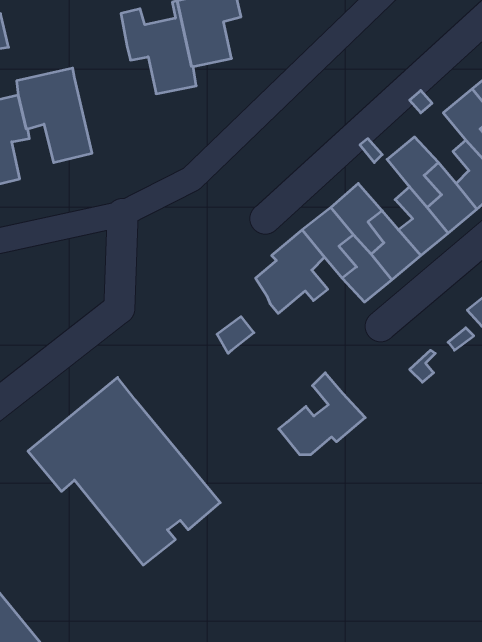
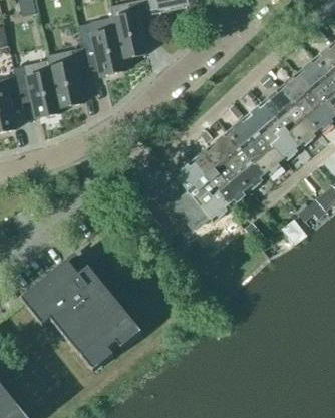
building: none -> [49,45,90,106]
building: none -> [263,86,297,130]
building: none -> [228,115,262,159]
building: [279,373,365,455] -> [178,176,232,228]

